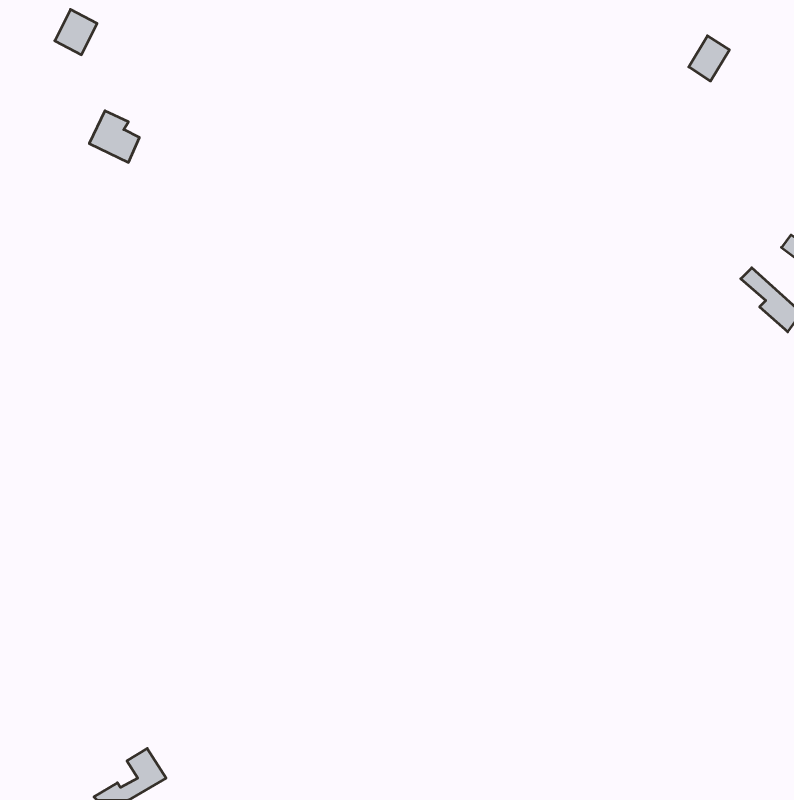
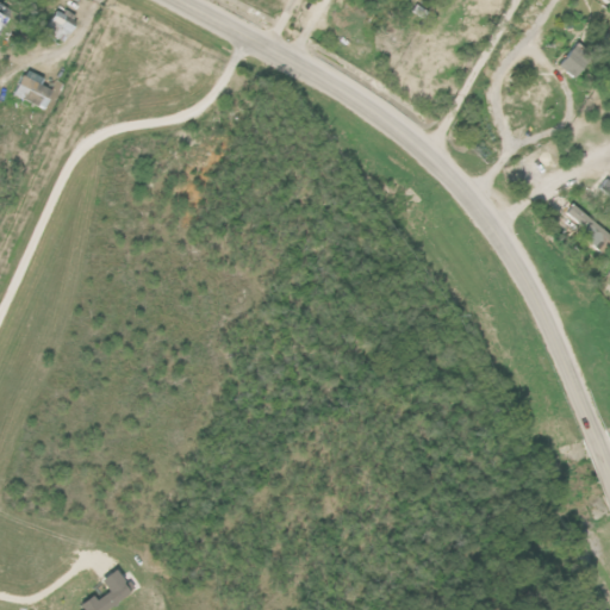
building: [689,36,729,81] -> [561,43,592,77]
building: [89,111,139,162] -> [15,69,54,108]

